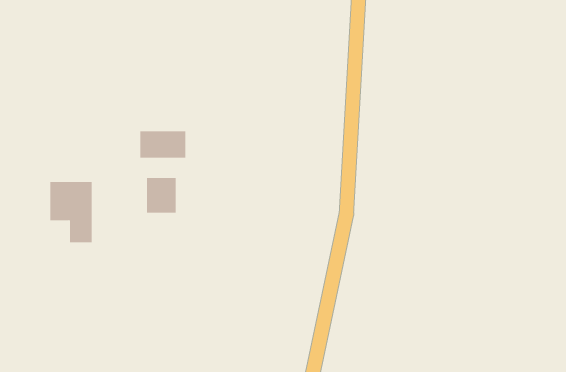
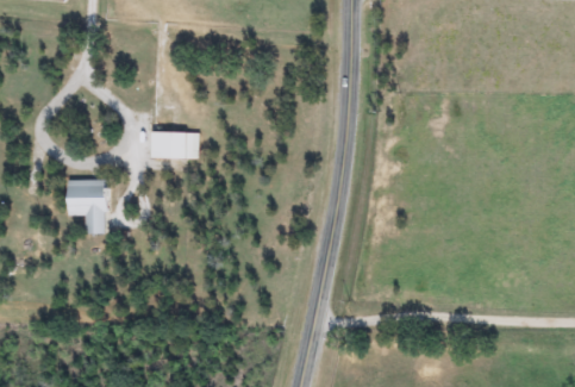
building: [146,177,176,213] -> none

